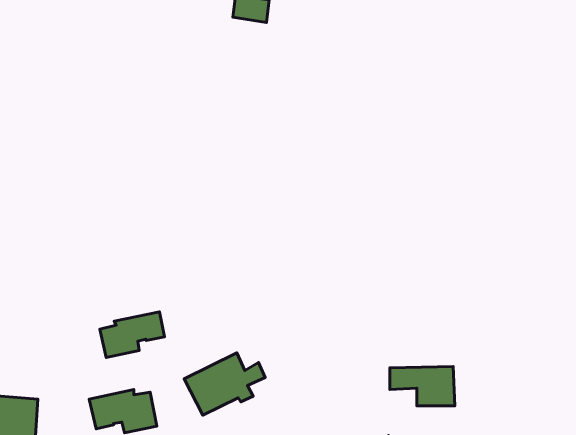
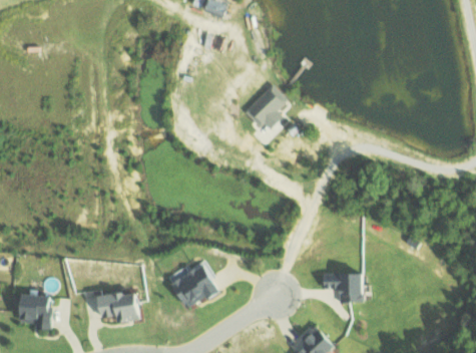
building: none -> [244,87,284,133]
building: [100,312,164,357] -> none

